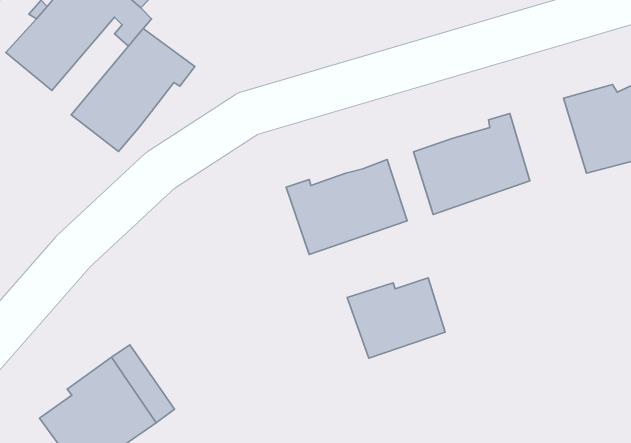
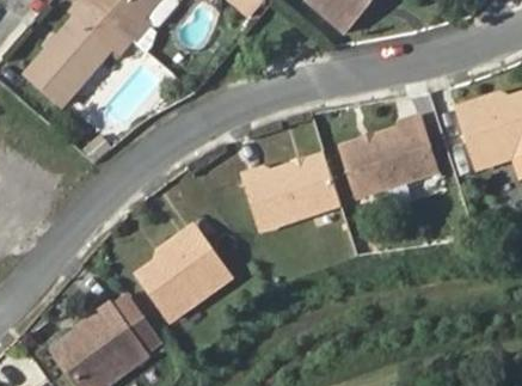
building: [71,28,195,152] -> none
building: none -> [137,231,228,324]
building: [347,278,445,358] -> none

